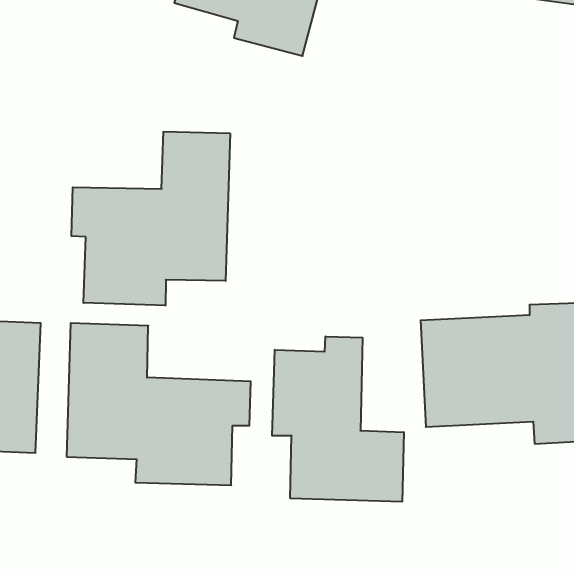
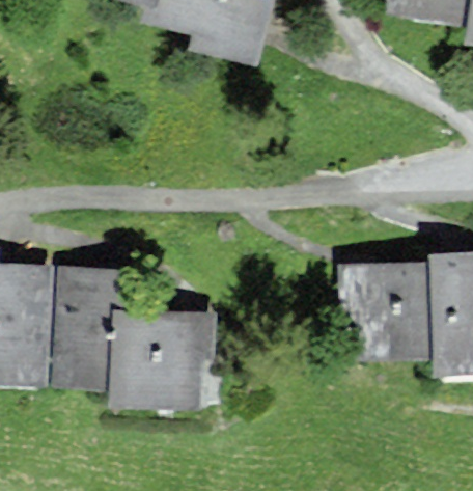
building: [71,132,230,306] -> none
building: [272,336,404,502] -> none

